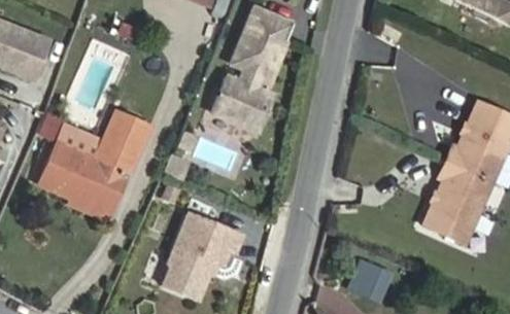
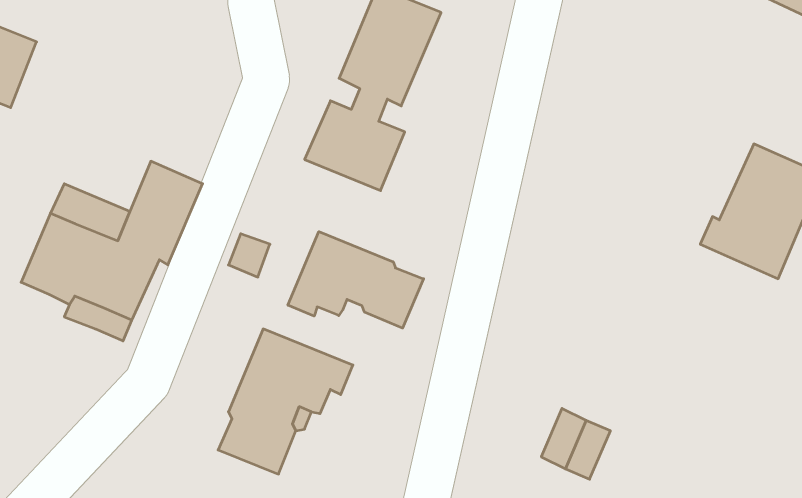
building: none -> [288,232,424,328]
building: [423,162,492,245] -> none

